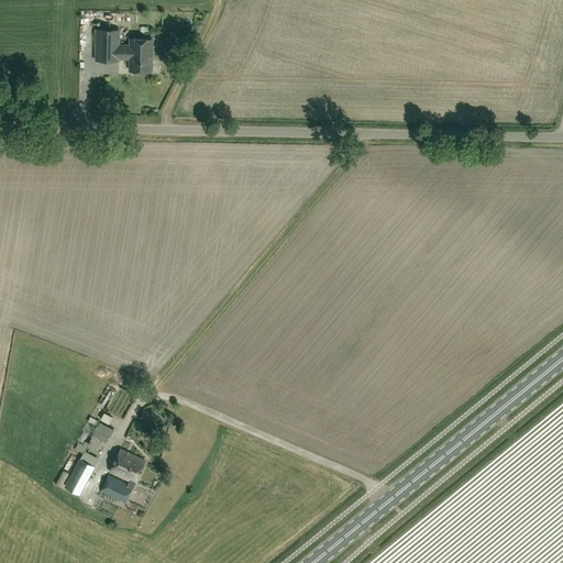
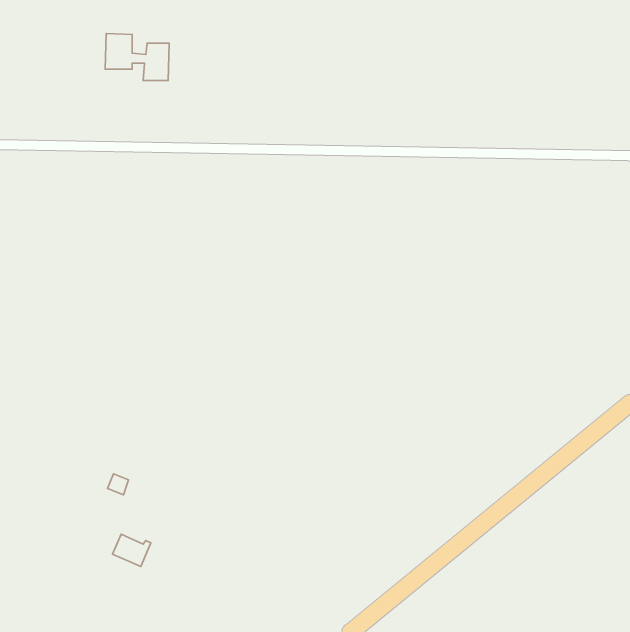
building: [109,450,144,483] -> none
building: [64,459,93,495] -> none

